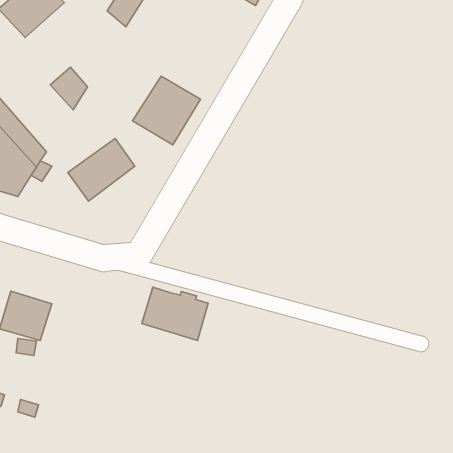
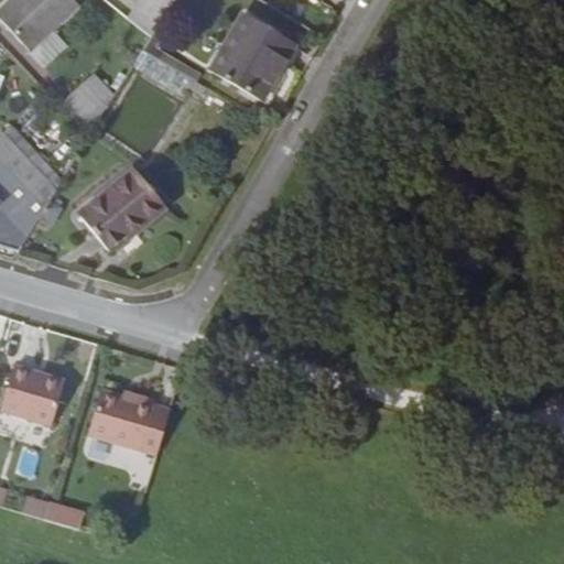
building: [133,76,201,145] -> [212,14,295,99]
building: [142,287,208,341] -> [87,384,169,451]

